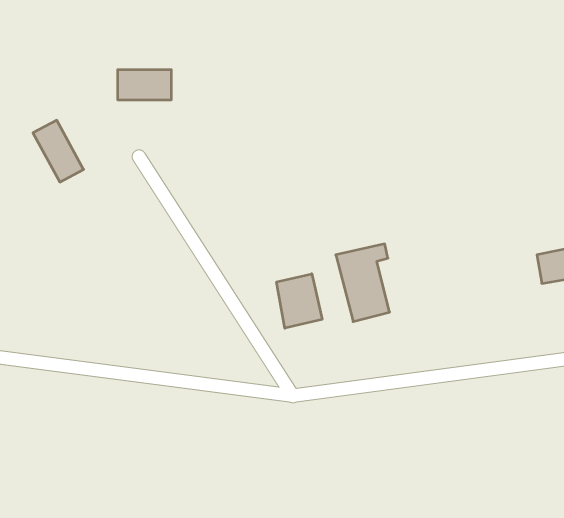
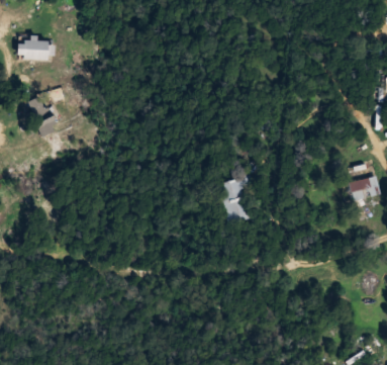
building: [118,70,171,100] -> [18,39,53,59]
building: [277,274,322,328] -> none

